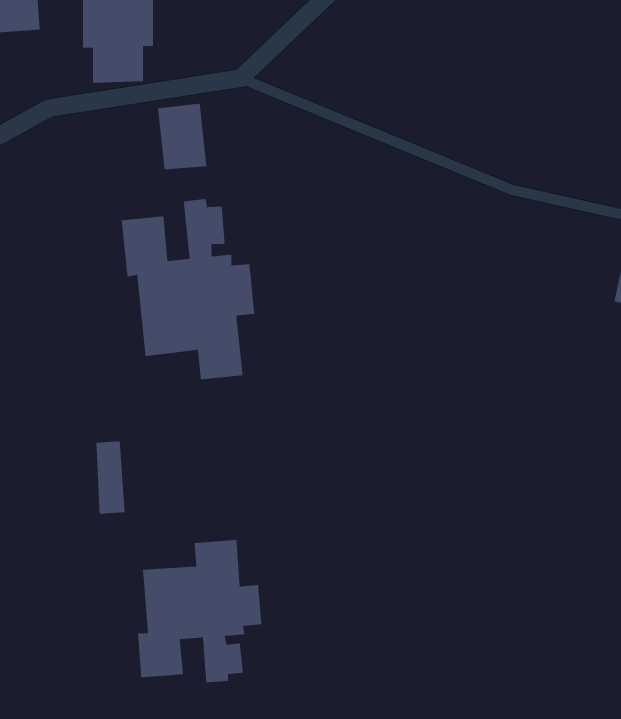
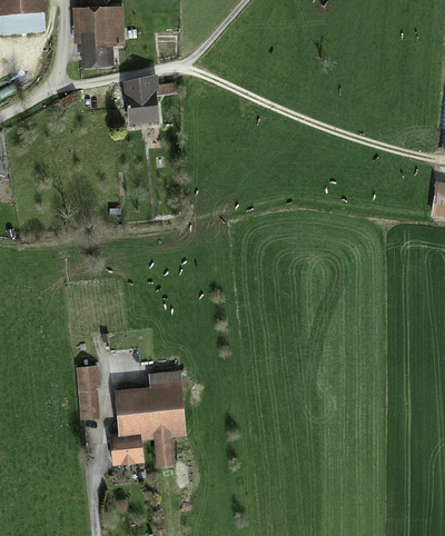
building: [121,198,255,380] -> none
building: [95,441,125,514] -> [78,368,98,417]

